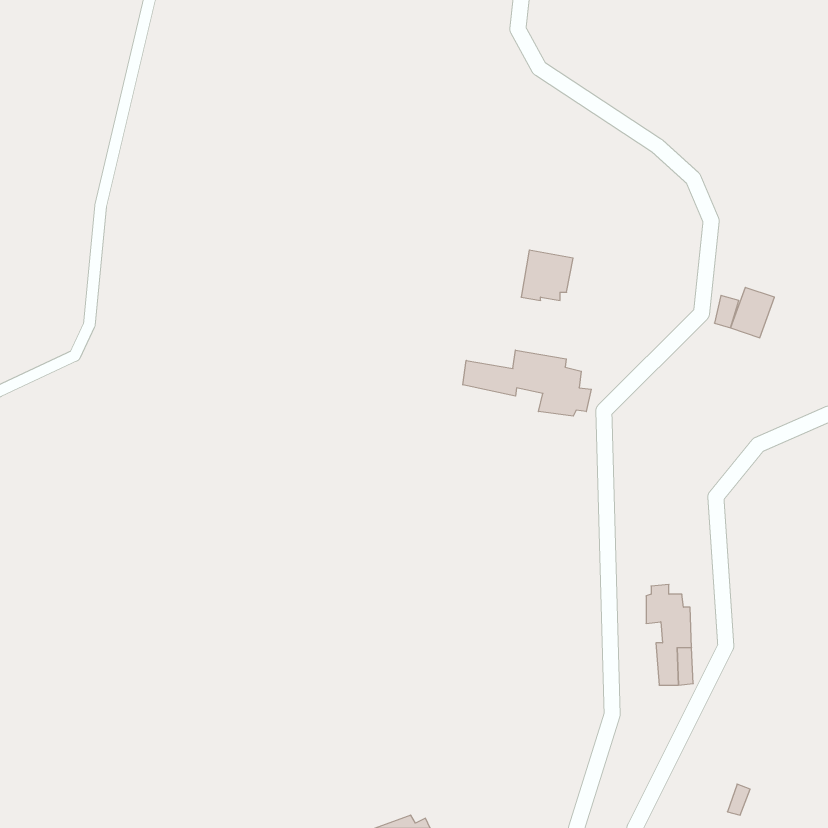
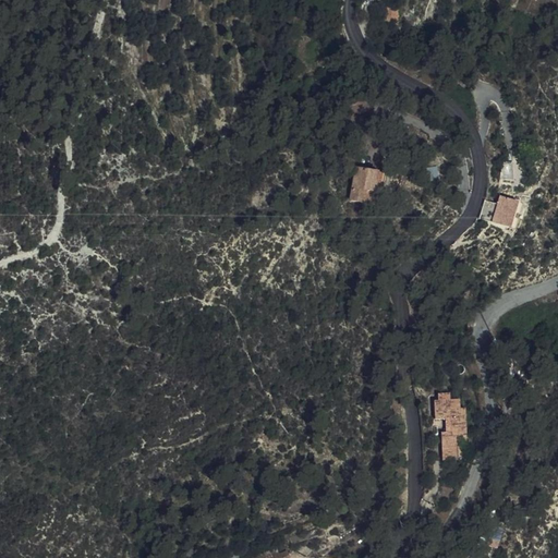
building: [463,350,591,416] -> none

